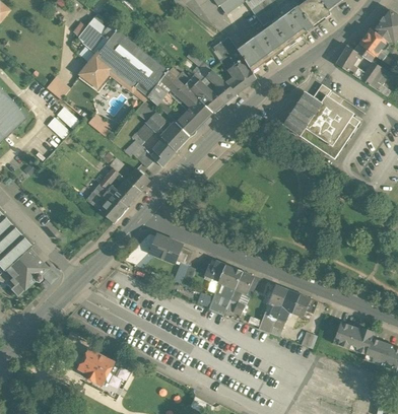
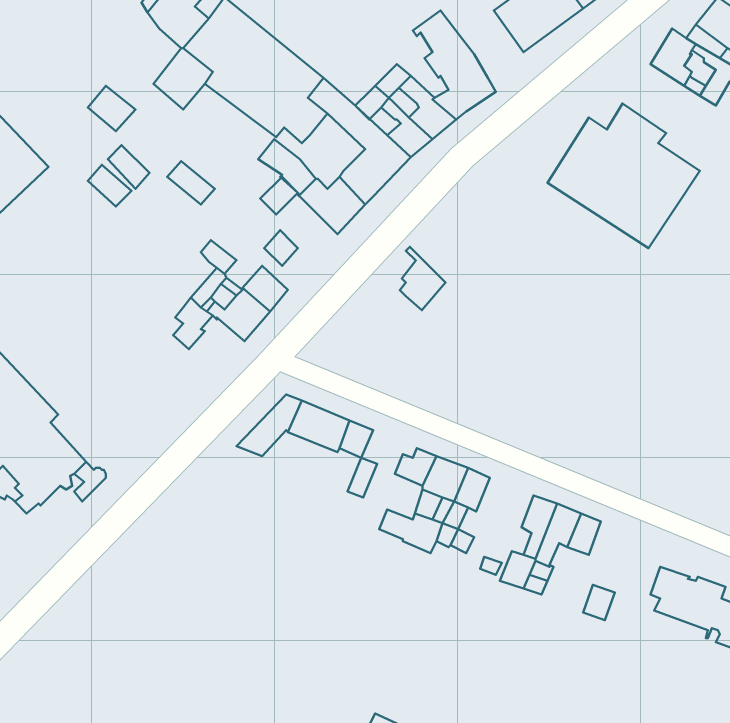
building: [238,36,270,70] -> none
building: [151,132,175,164] -> [400,247,446,310]
building: [98,192,127,221] -> none
building: [78,348,121,385] -> none

